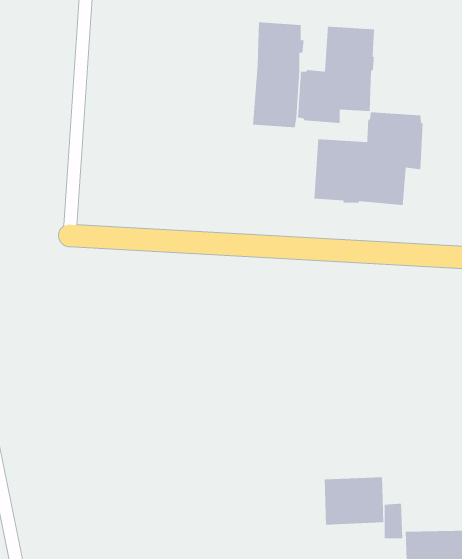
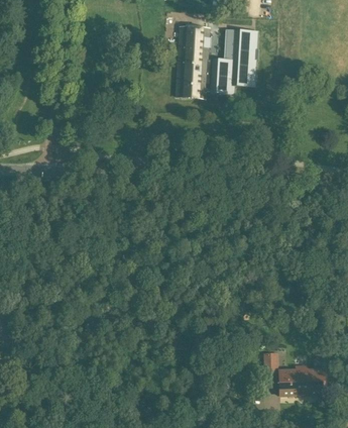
building: [314,111,423,206] -> none
building: [324,477,384,525] -> none

